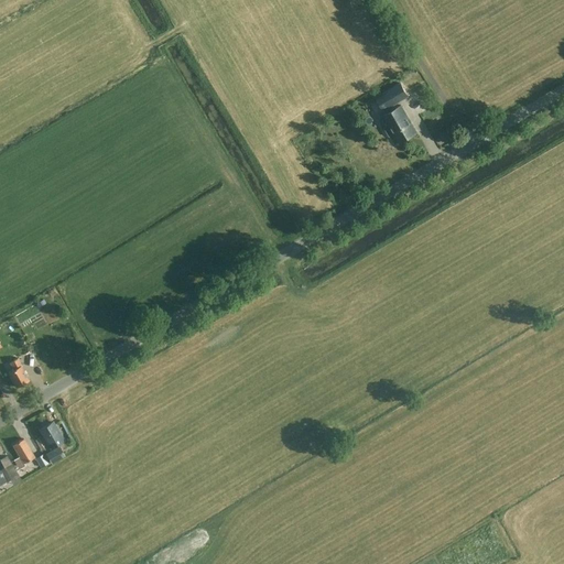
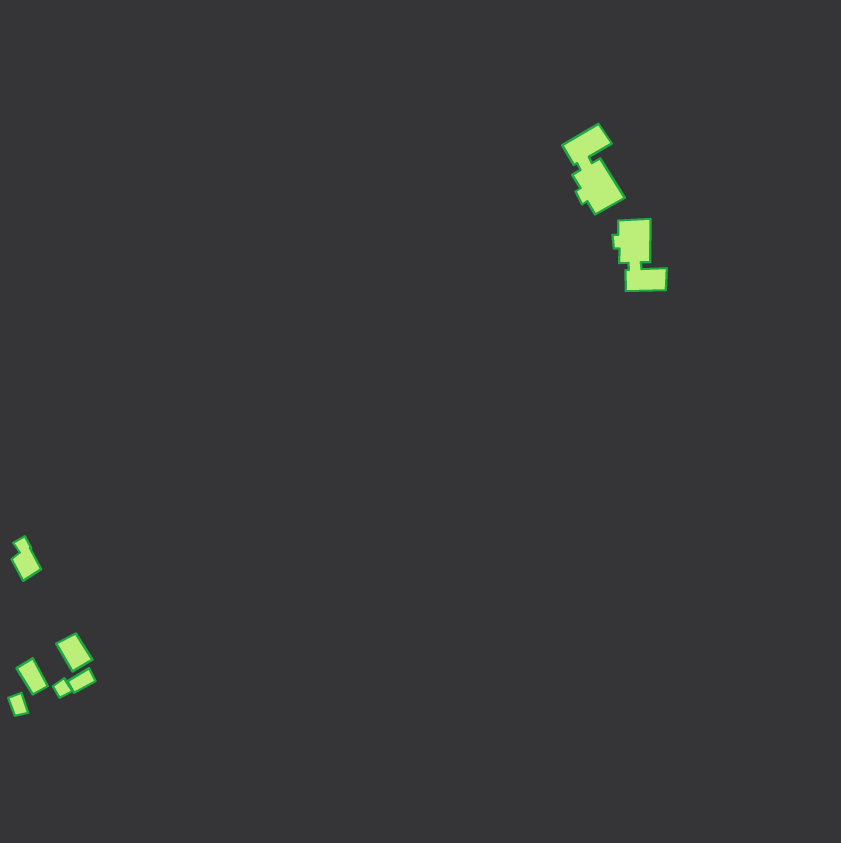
building: none -> [613,219,667,291]

